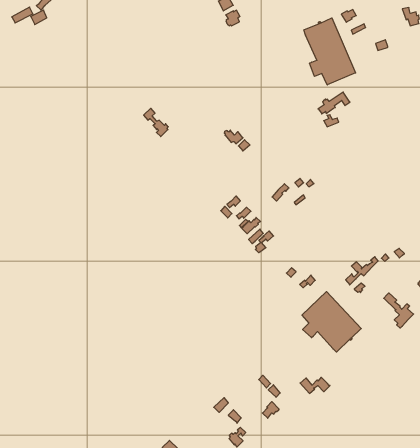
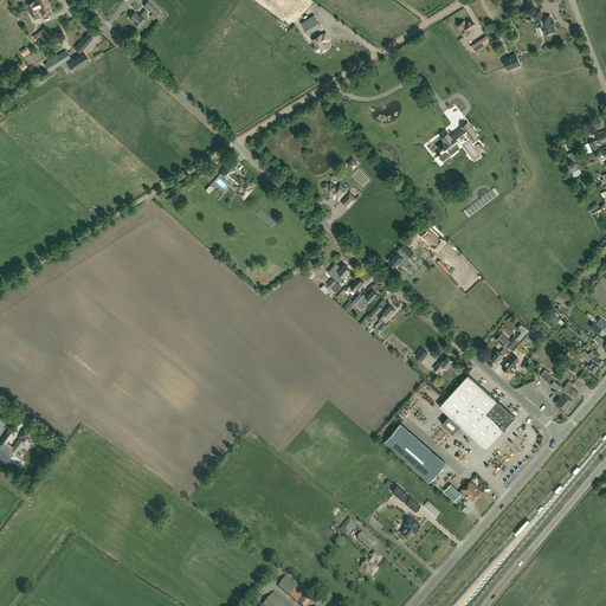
building: [304,18,356,85] -> none
building: none -> [385,425,445,483]

